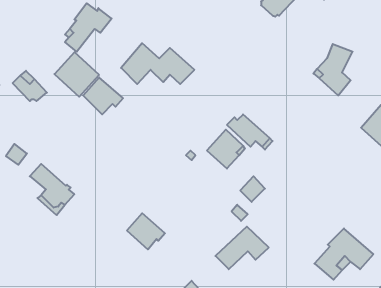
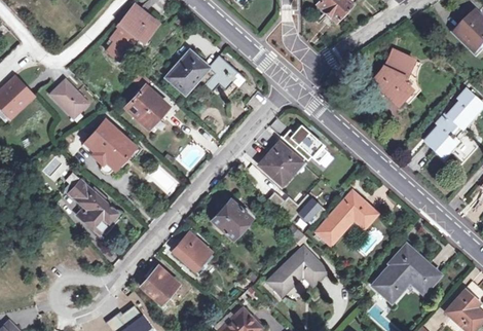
building: [54,52,99,97] -> [83,120,132,169]
building: none -> [317,193,378,246]
building: none -> [209,198,250,240]
building: none -> [141,269,178,305]

